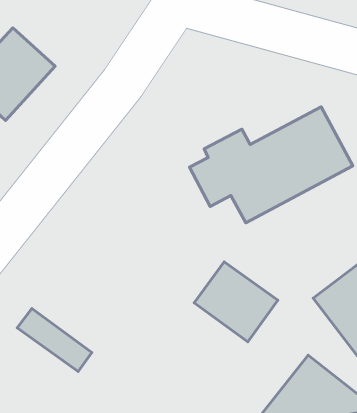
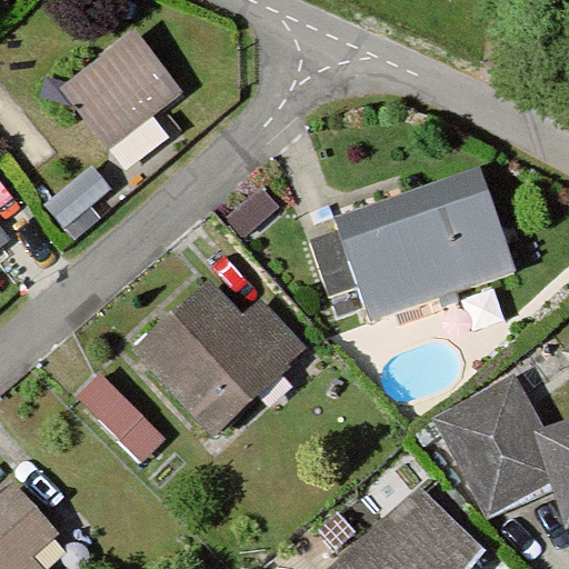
building: none -> [136,284,303,435]
building: [194,262,278,342] -> none

